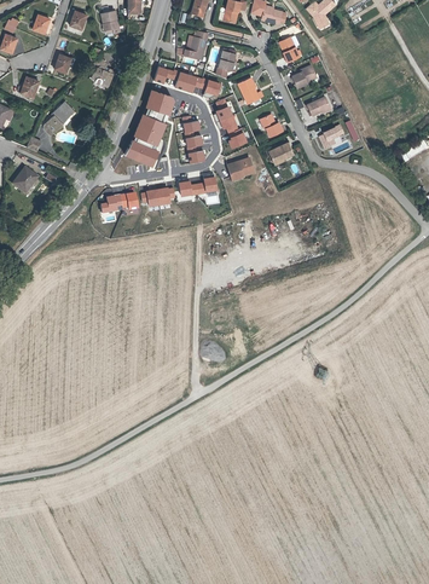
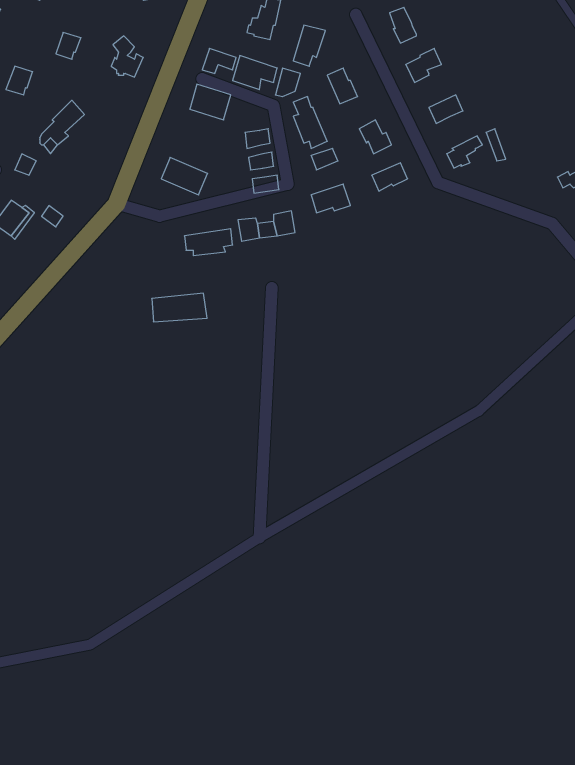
building: [134,114,164,144] -> none
building: [99,192,137,212] -> [152,293,207,322]

